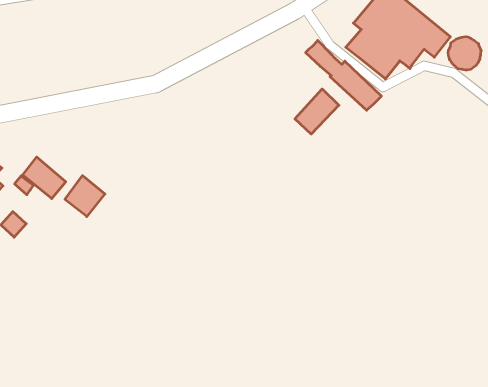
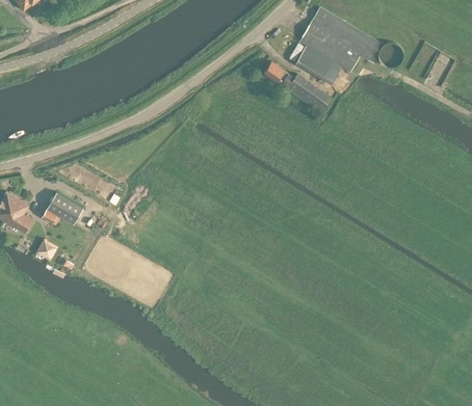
building: [295,89,339,134] -> none
building: [65,176,105,217] -> none

